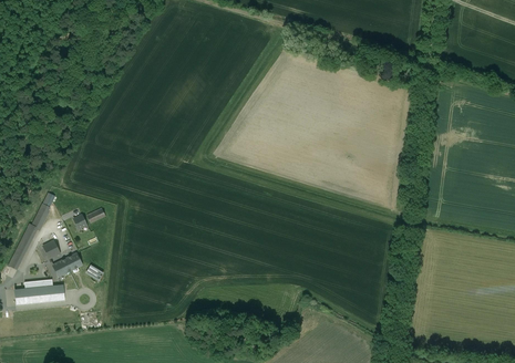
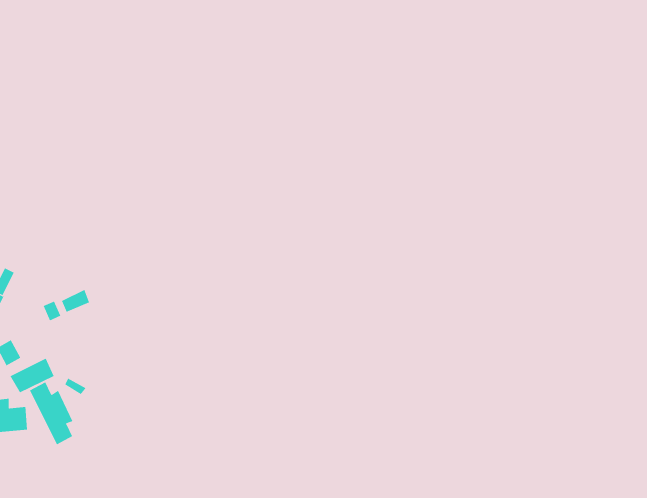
building: none -> [29,381,73,445]

